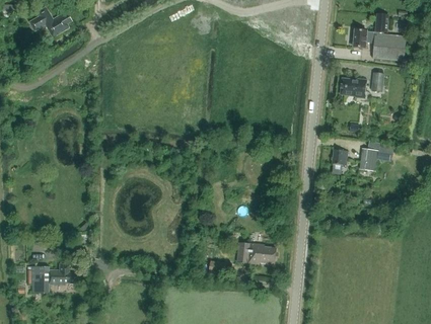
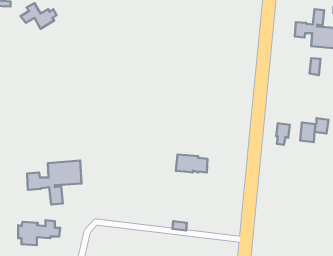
building: [340,78,366,96] -> none
building: none -> [27,160,82,204]
building: [237,242,275,263] -> [176,154,208,172]

